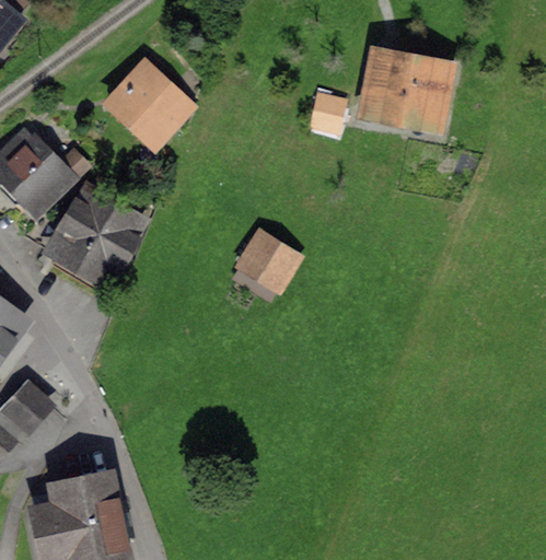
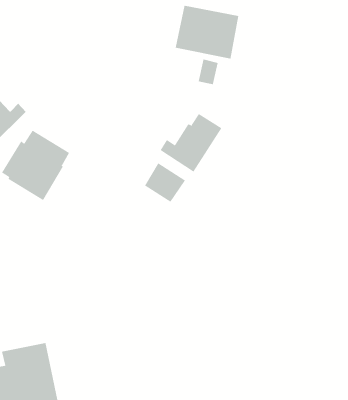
building: [363,52,450,125] -> [175,5,239,59]
building: [114,68,186,140] -> none
building: none -> [160,113,222,172]

